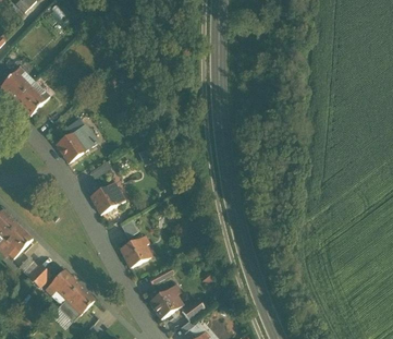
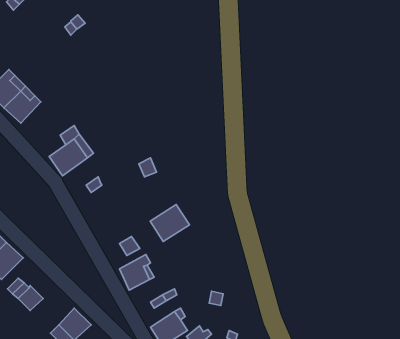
building: [89,180,125,214] -> [150,205,189,242]
building: [46,269,79,299] -> none

